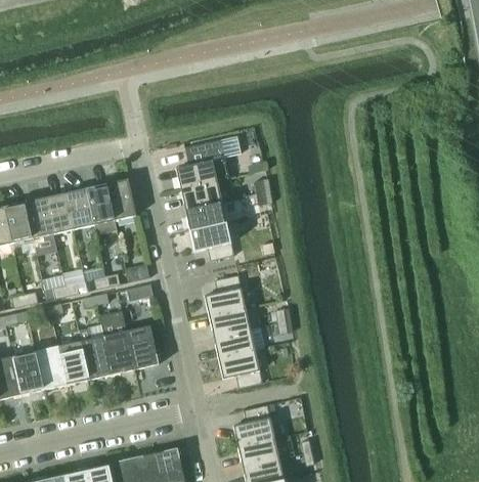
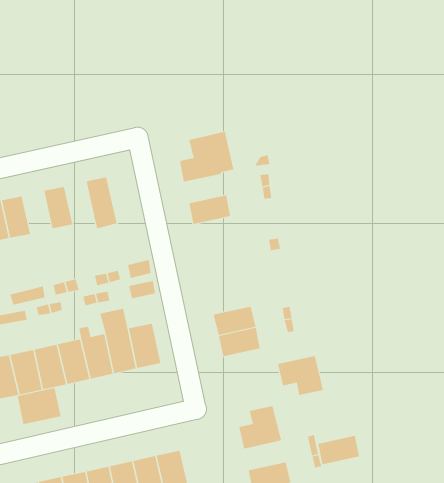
building: [106,179,136,221] -> none
building: [180,181,222,210] -> none
building: [66,188,94,230] -> none
building: [25,198,53,252] -> none
building: [189,222,234,261] -> none
building: [205,275,246,317] -> none
building: [218,350,263,389] -> [277,355,324,396]
building: none -> [17,387,61,425]
building: [238,439,279,468] -> [318,435,360,465]

